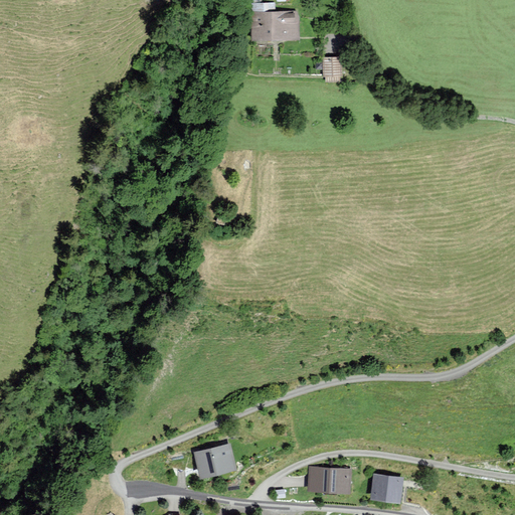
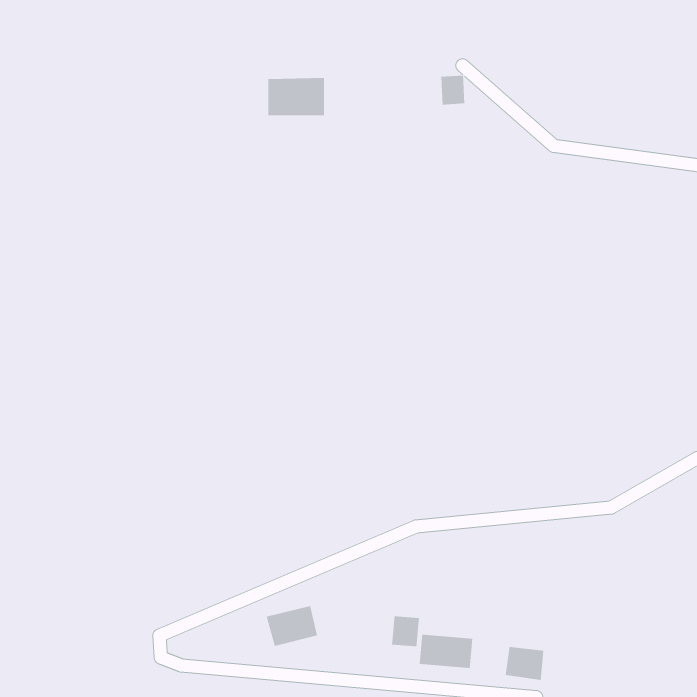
building: [254,10,297,38] -> [268,78,325,116]
building: none -> [392,615,420,647]

